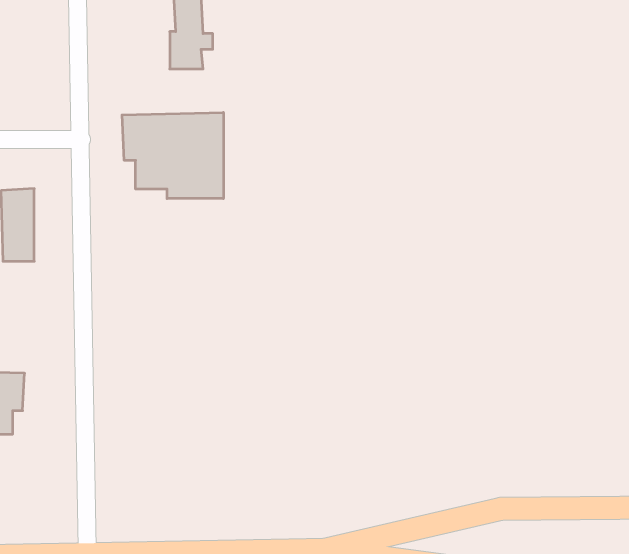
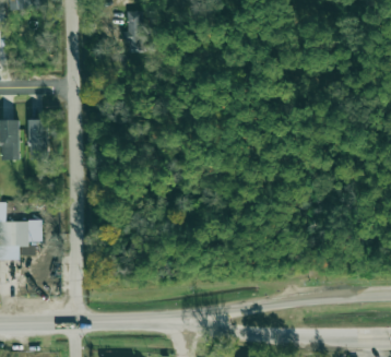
building: [122,112,223,199] -> none

